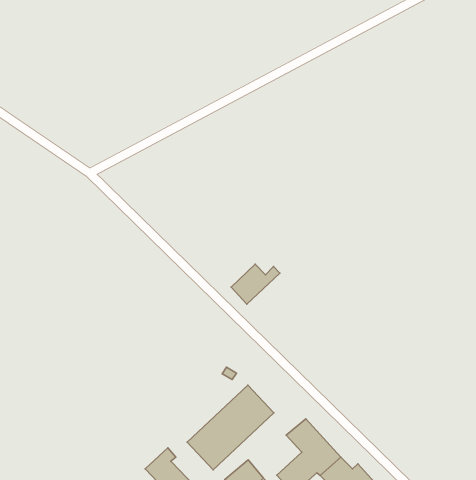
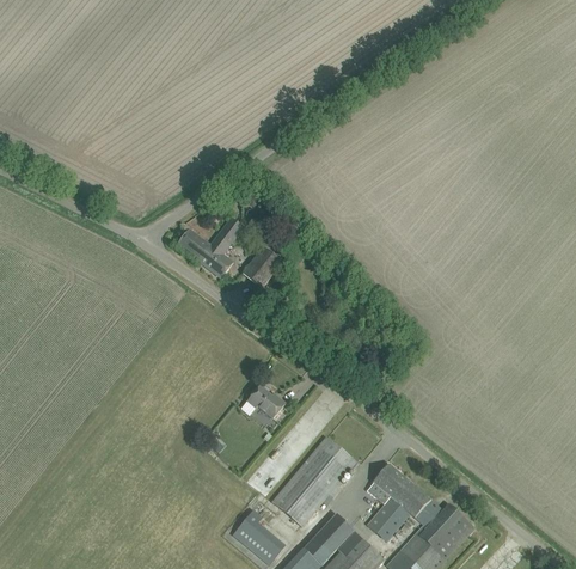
building: none -> [177,218,243,279]
building: [231,264,280,304] -> [241,246,289,288]
building: none -> [246,385,284,418]

